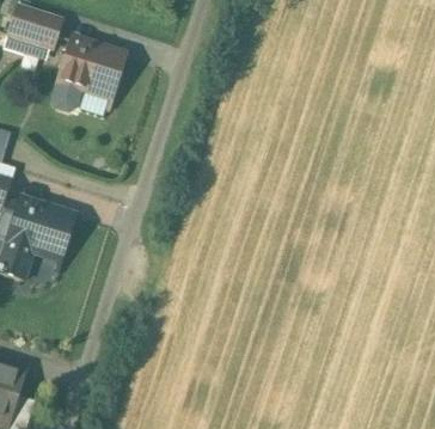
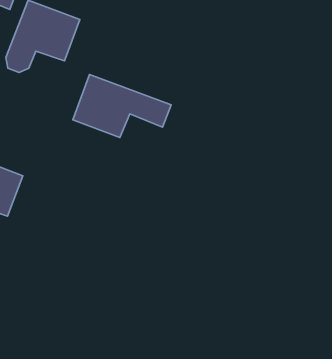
building: none -> [73,74,171,137]

